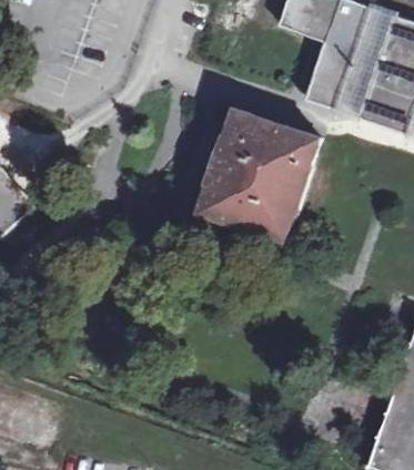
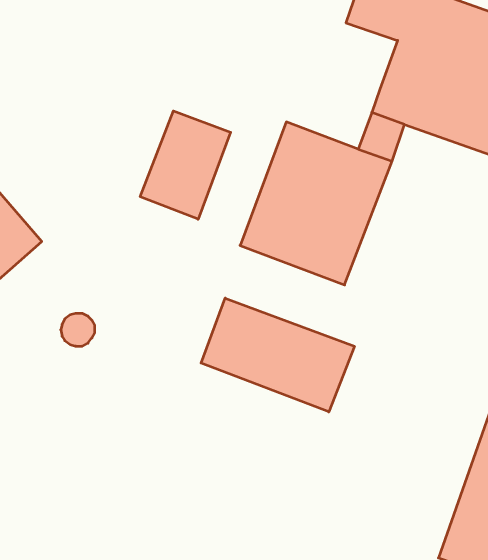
building: none -> [140,111,231,219]
building: none -> [201,298,354,412]

